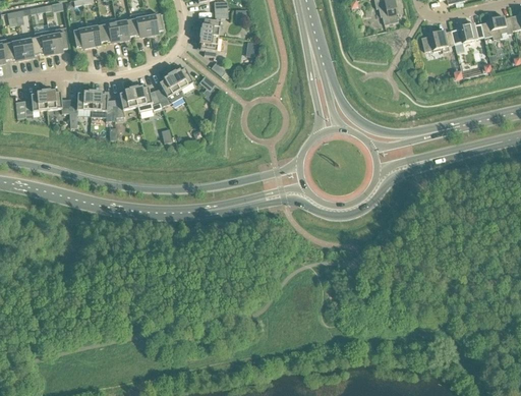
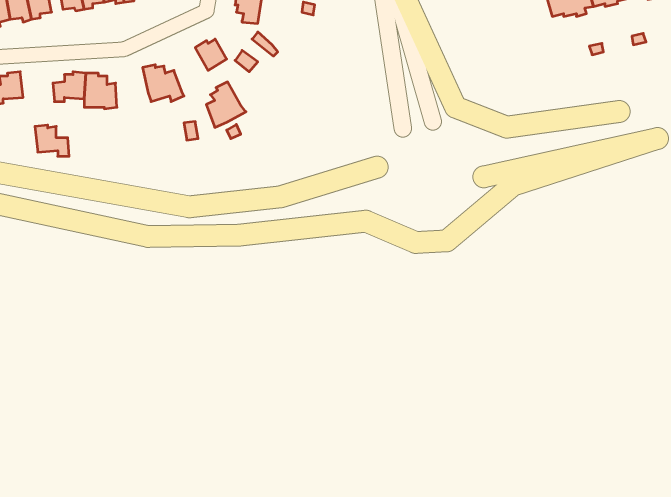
building: [155,73,183,106] -> [206,82,246,127]
building: [113,88,136,116] -> none
building: [45,90,69,112] -> [35,125,69,156]

